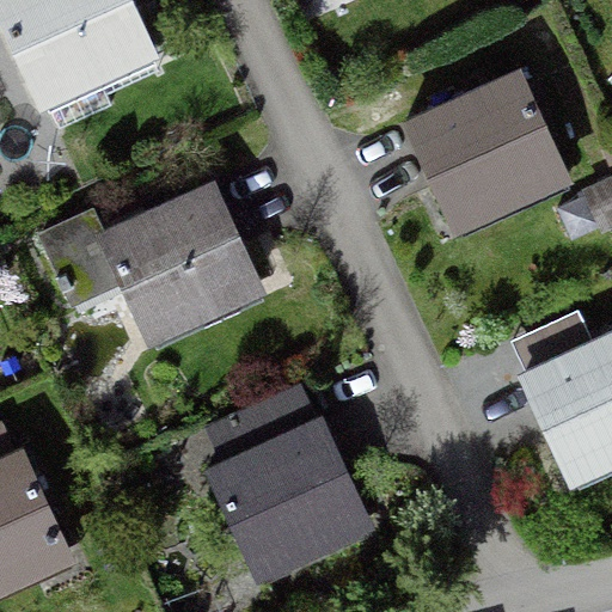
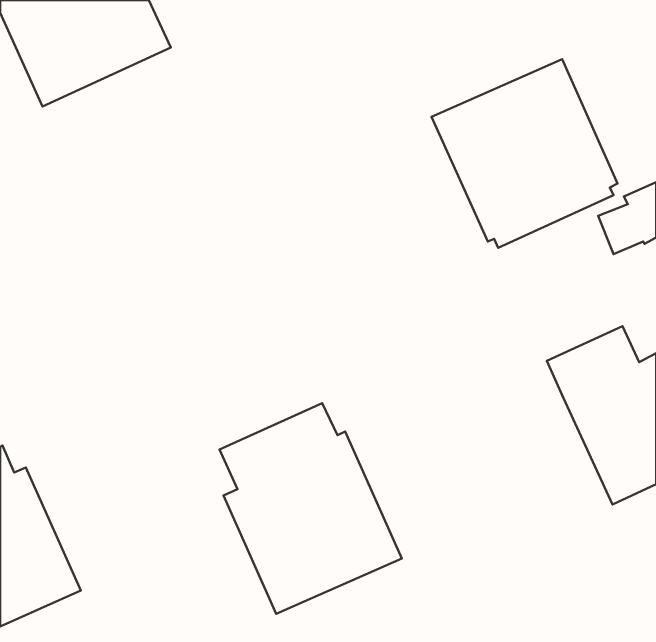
building: [37,180,268,351] -> none

